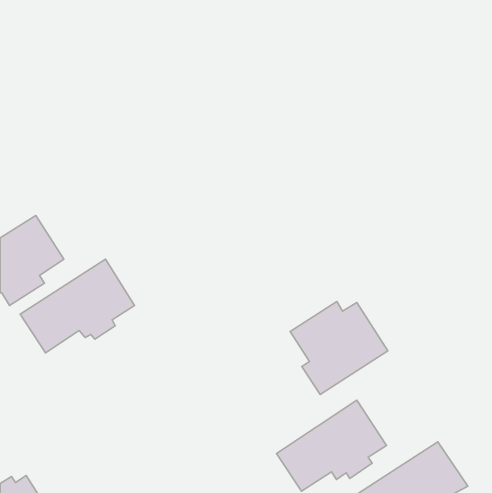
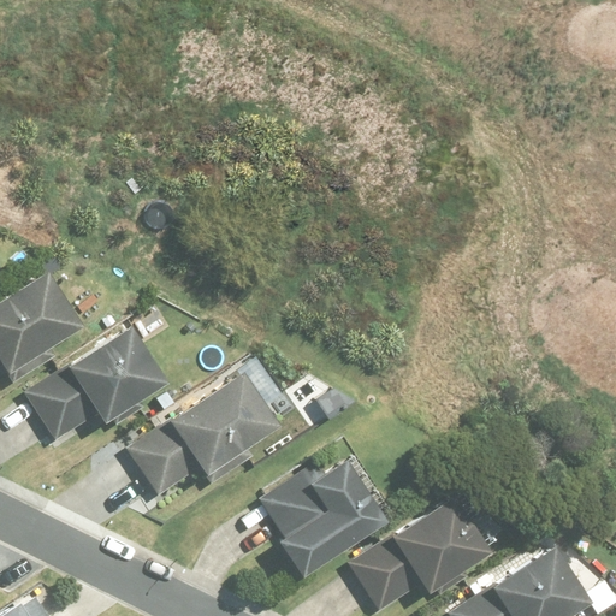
building: none -> [129,369,283,496]
building: [290,302,388,394] -> [257,463,379,579]

